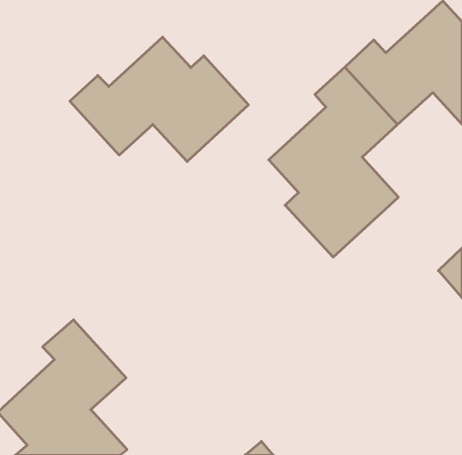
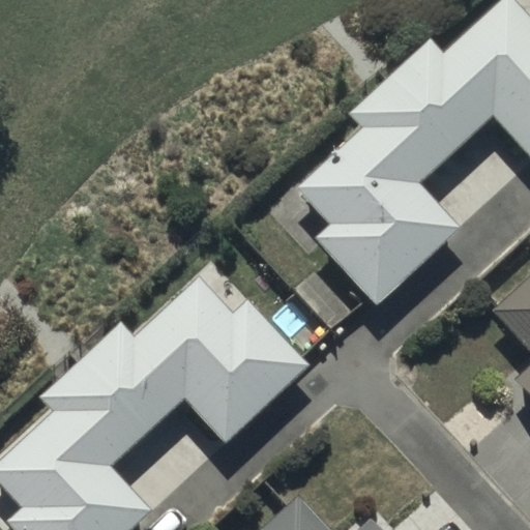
building: [70,37,248,162] -> none
building: none -> [84,289,300,439]

